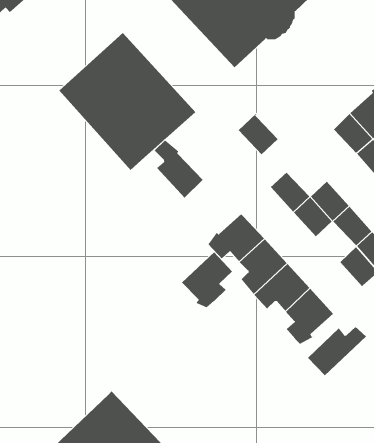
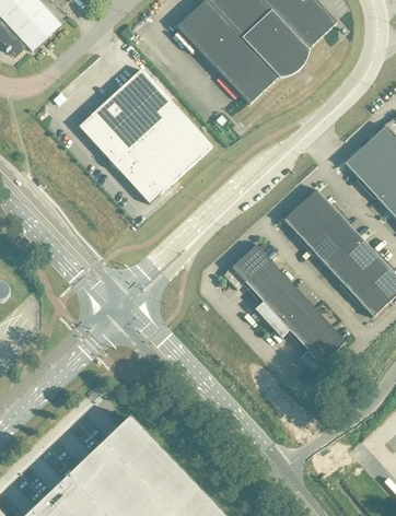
building: [238,113,278,155] -> [300,188,339,228]
building: [153,140,203,199] -> none
building: none -> [328,253,368,292]
building: [181,251,233,308] -> none
building: [307,326,367,376] -> none

